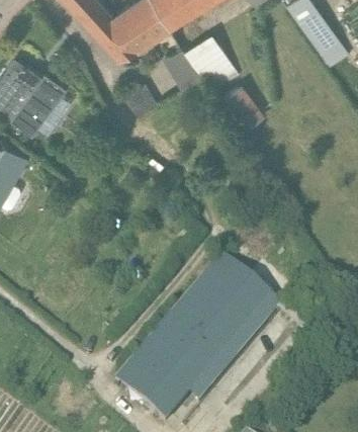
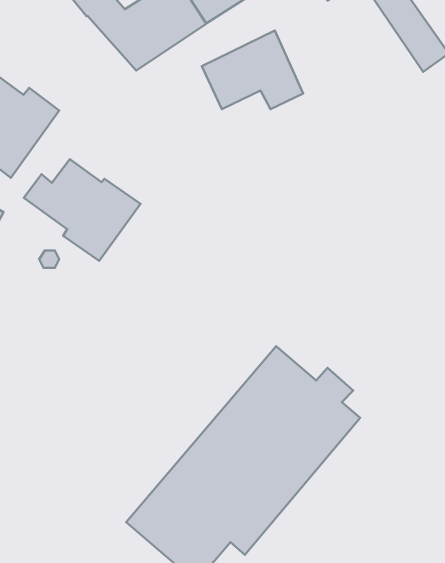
building: [226,84,267,128] -> none
building: none -> [24,159,140,261]

